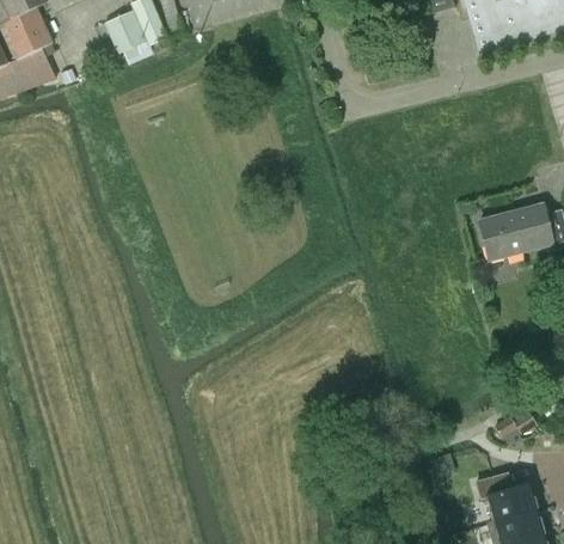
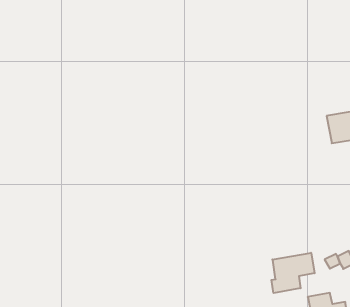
building: none -> [271,253,315,293]

